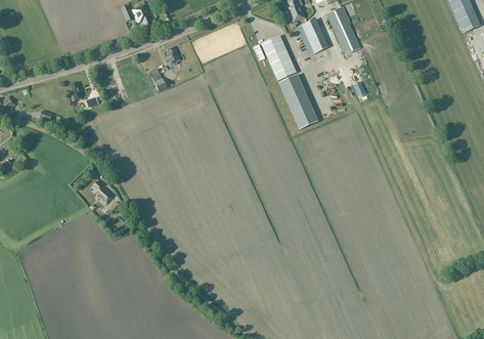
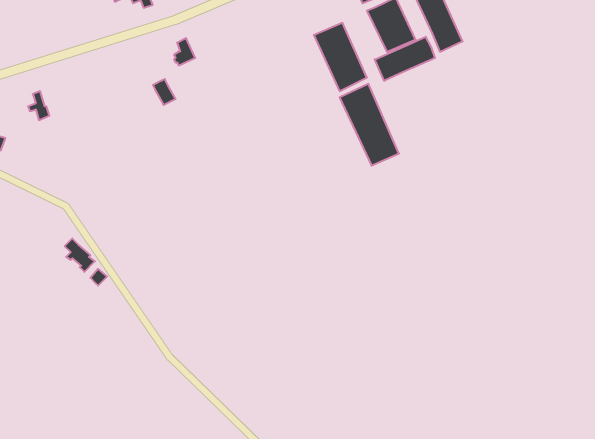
building: none -> [375,37,435,81]

